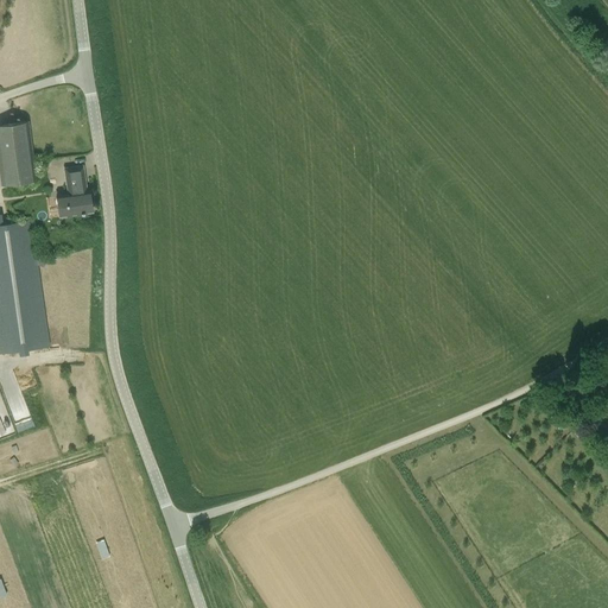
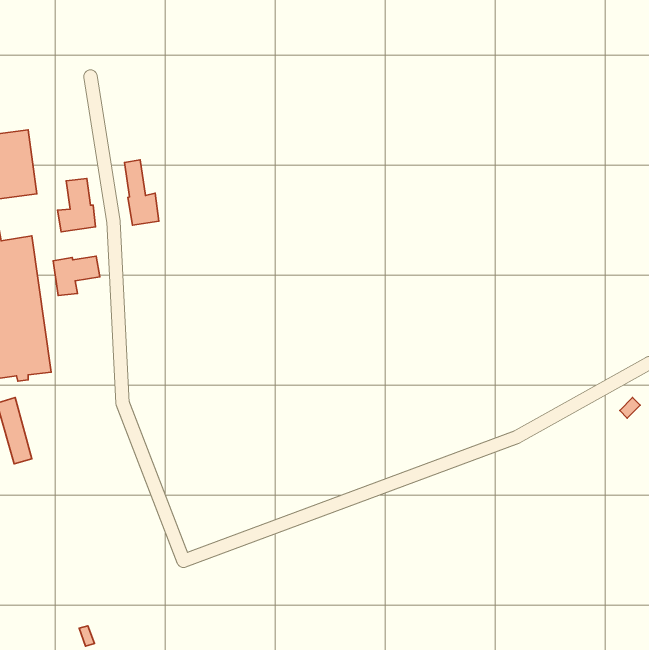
building: none -> [124,160,159,225]
building: none -> [53,256,100,296]

